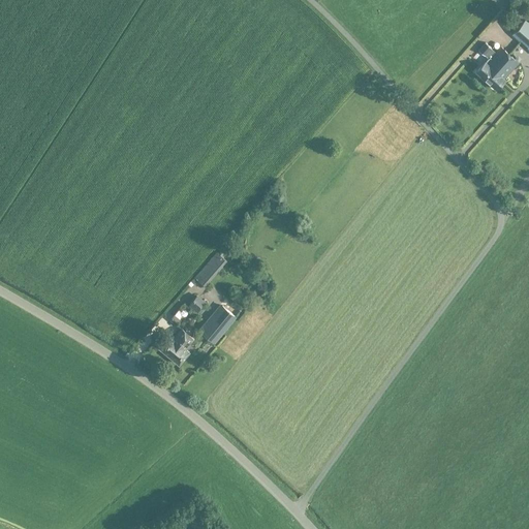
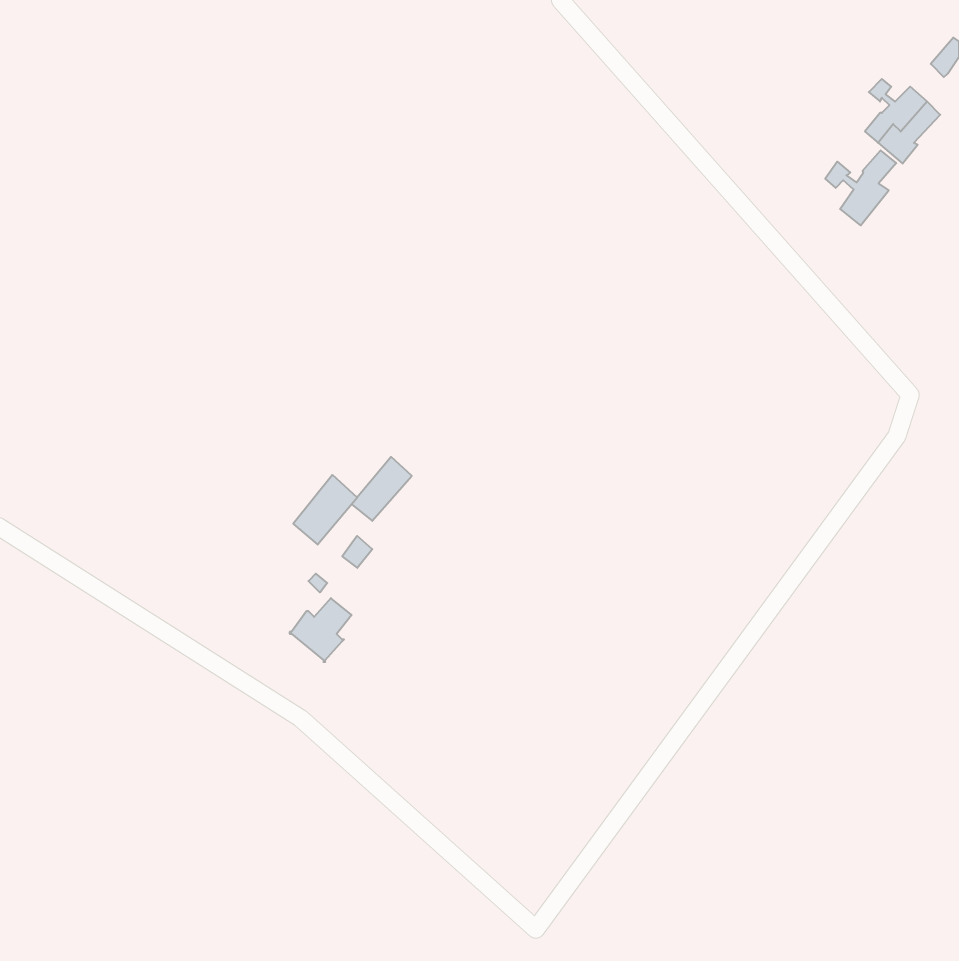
building: none -> [825,150,896,225]
building: [199,305,235,343] -> [293,475,357,545]

